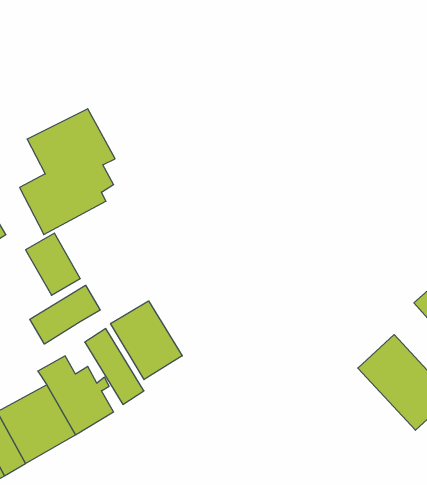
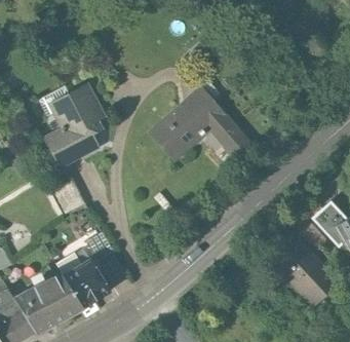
building: none -> [146,88,252,164]
building: [30,285,100,344] -> none
building: [111,301,182,380] -> none

